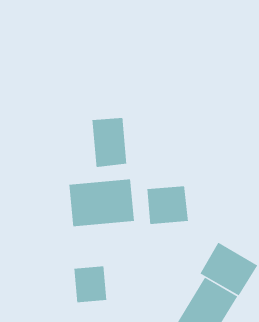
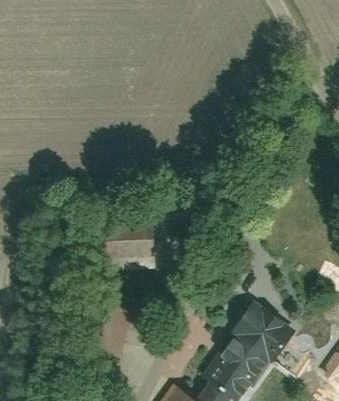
building: [92,117,127,168] -> none
building: [147,185,188,225] -> none

